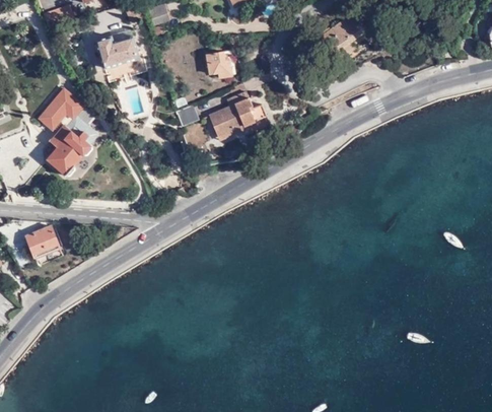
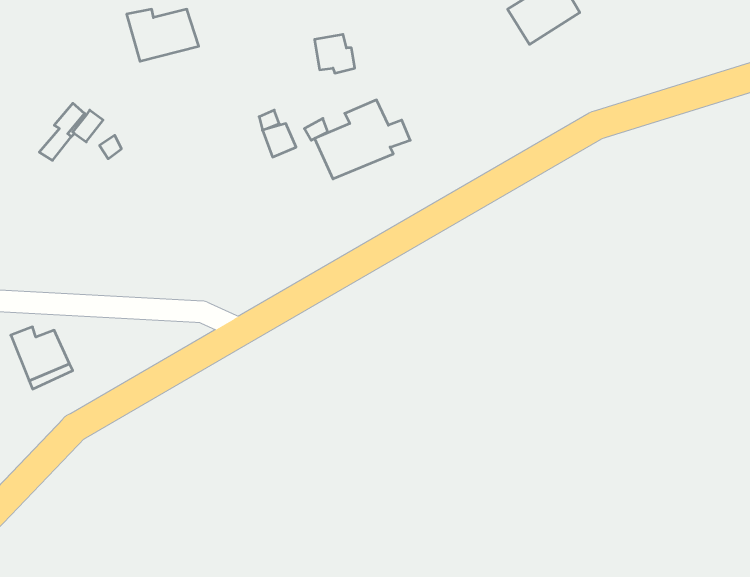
building: [46,124,92,175] -> none

